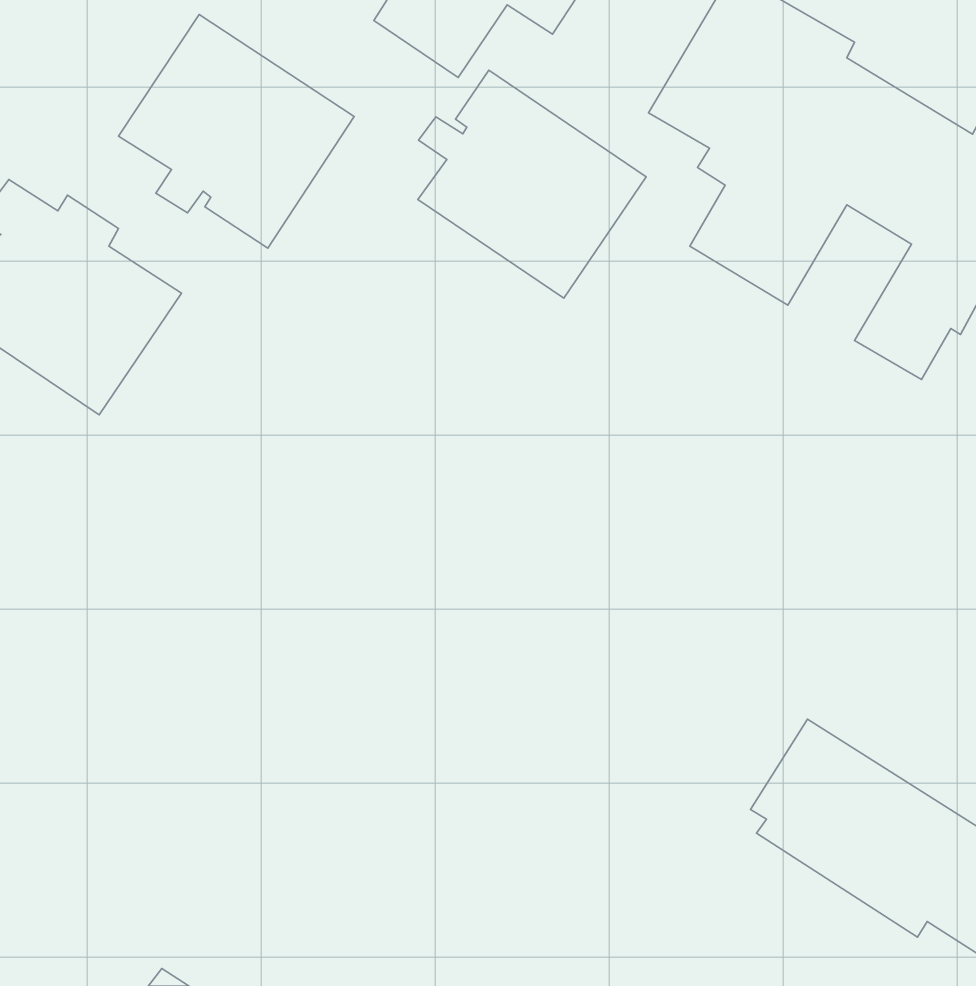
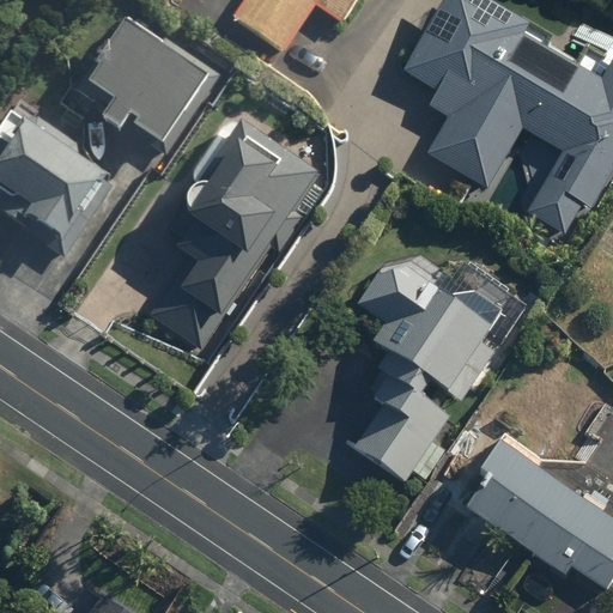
building: [418,70,646,298] -> none
building: none -> [153,122,318,345]
building: none -> [354,256,511,479]

